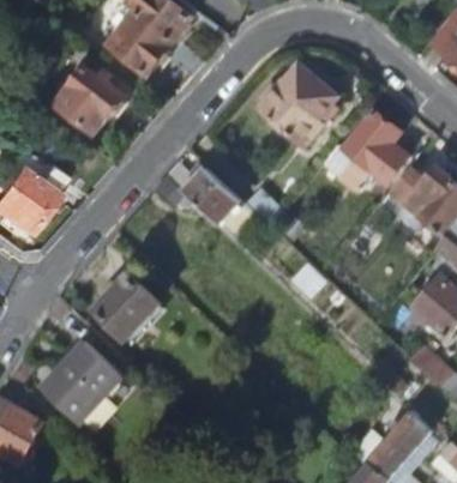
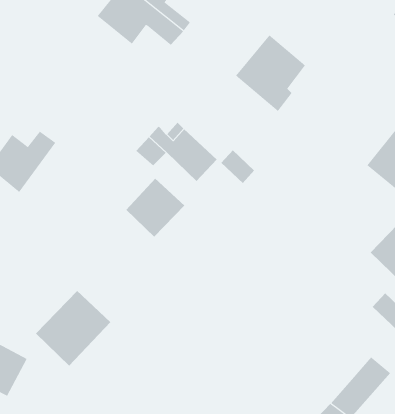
building: [52,68,122,138] -> none
building: [342,105,407,182] -> none
building: [92,276,157,340] -> [125,178,185,238]

